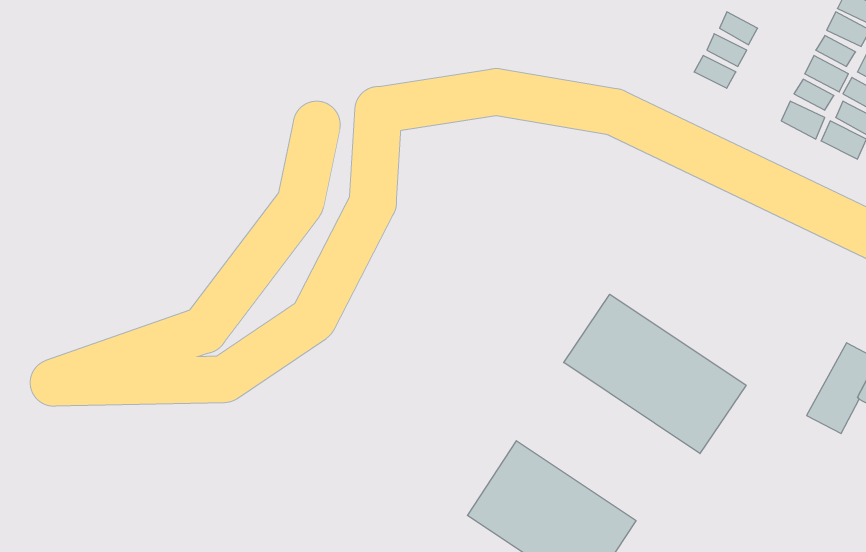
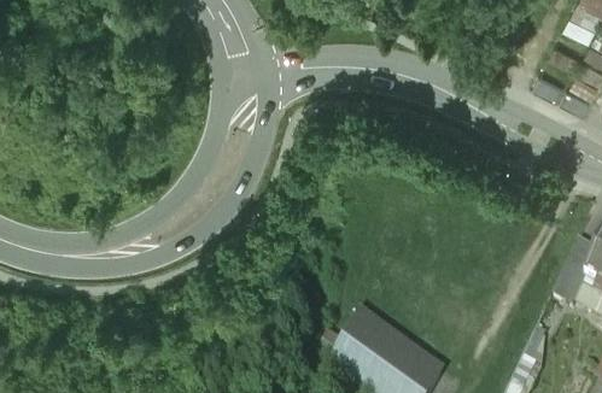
building: [564,294,746,454] -> none

